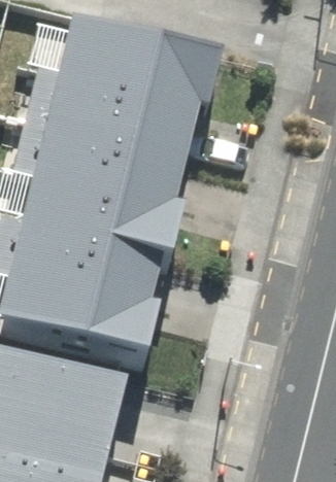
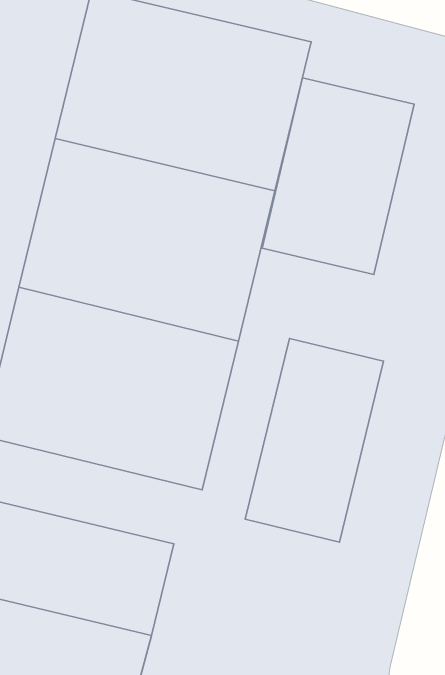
building: none -> [262,78,414,274]
building: none -> [245,338,384,542]

